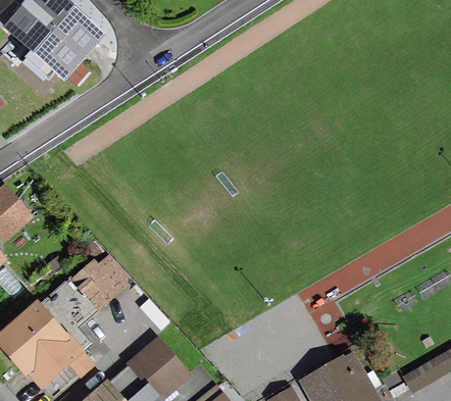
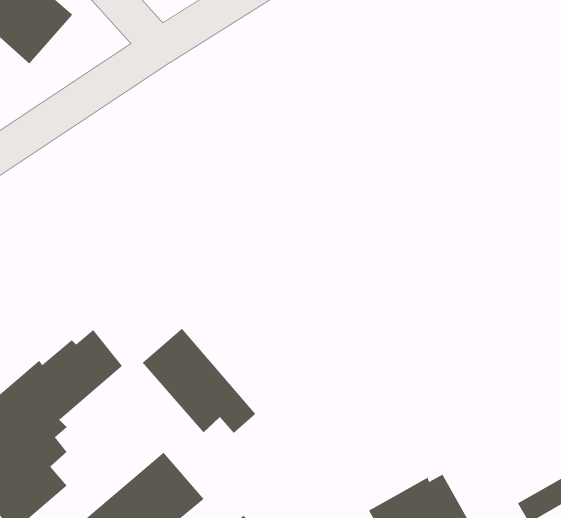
building: none -> [142,328,256,434]

